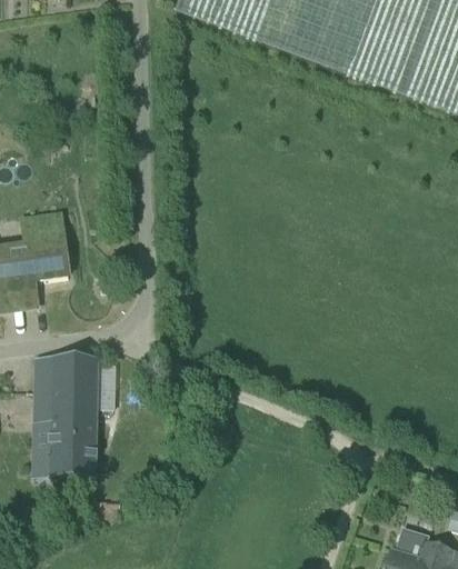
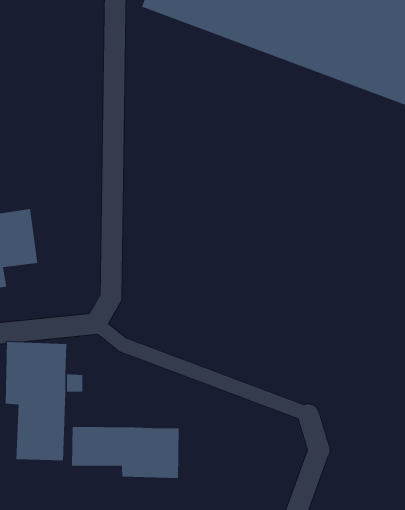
building: none -> [71,426,179,479]

